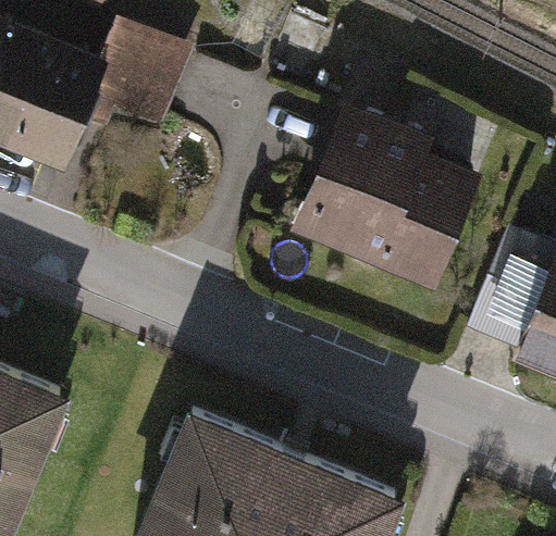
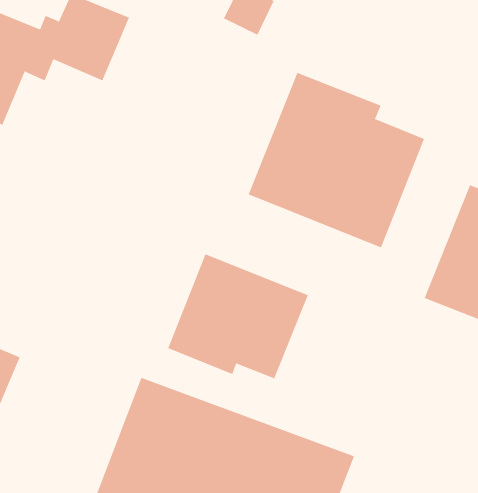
building: none -> [167,254,308,379]

